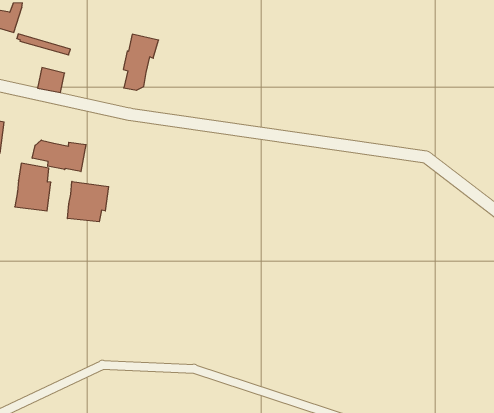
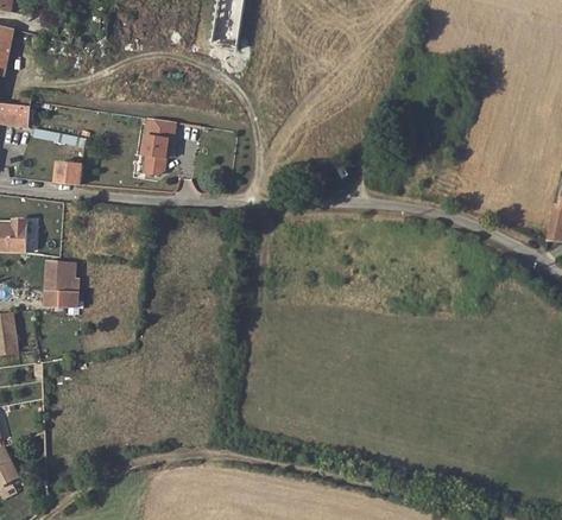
building: [32,140,86,172] -> none
building: [67,181,109,222] -> none

